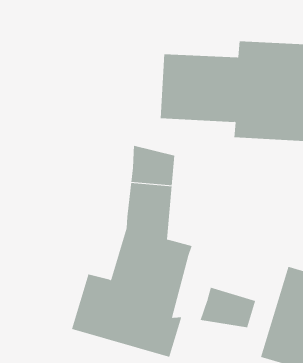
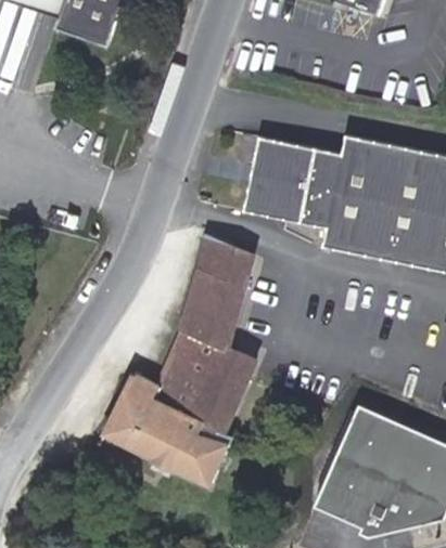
building: [200,287,256,328] -> none

